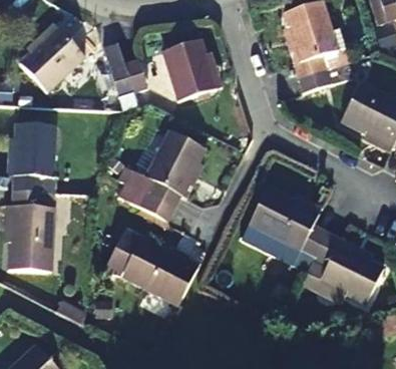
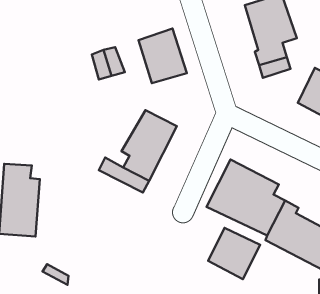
building: [14,19,78,83] -> none
building: [12,111,58,192] -> none
building: [104,228,197,303] -> none
building: none -> [208,228,260,279]

